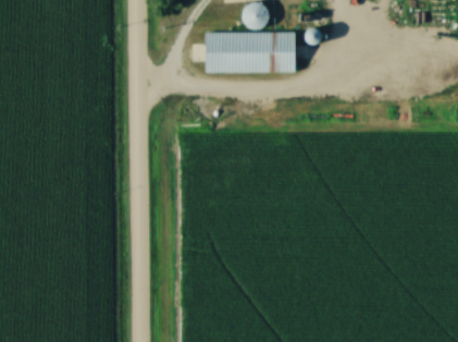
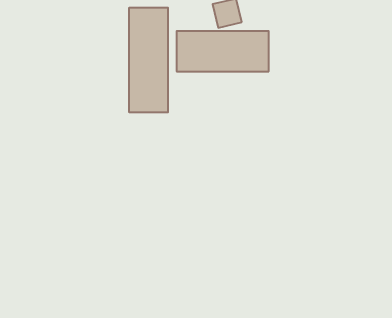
building: none -> [129,8,168,112]

